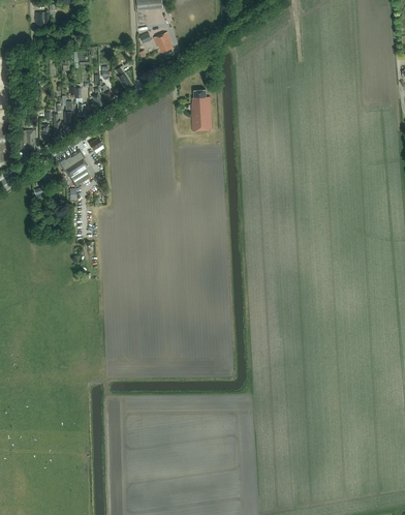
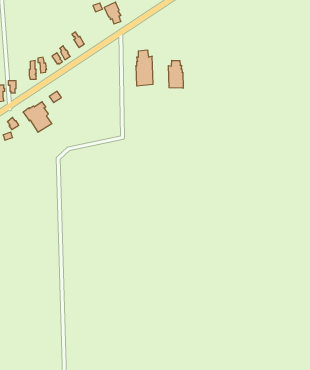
building: none -> [168,60,183,88]

